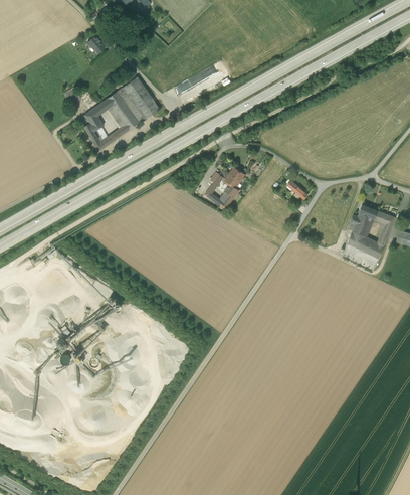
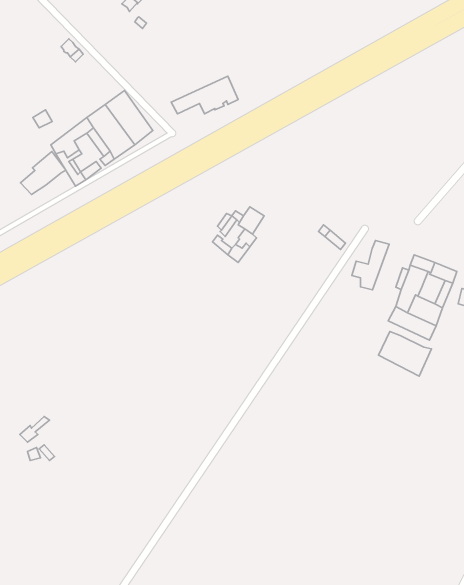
building: none -> [20,151,66,194]
building: none -> [352,240,389,290]
building: none -> [379,331,432,376]

